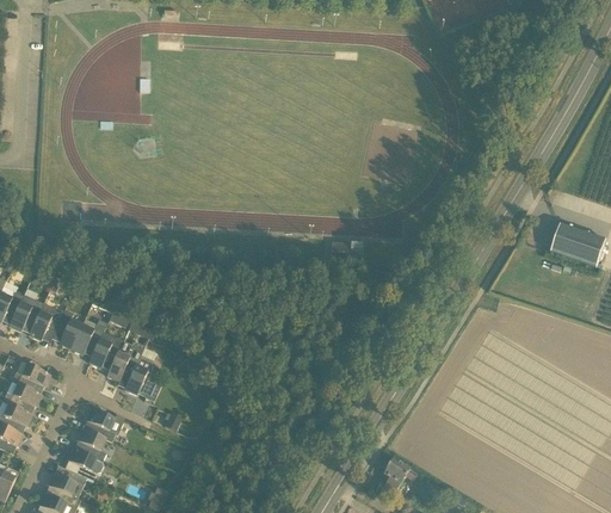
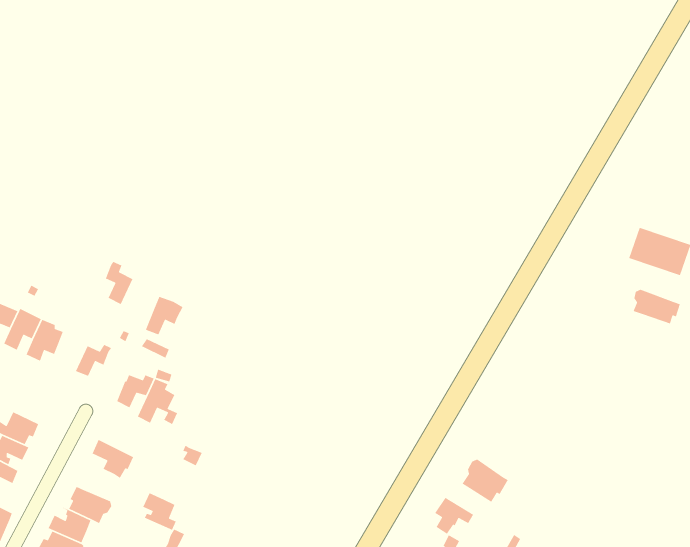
building: none -> [632,289,681,325]
building: [56,311,81,350] -> [105,261,134,305]
building: [88,333,122,367] -> [145,296,183,336]
building: [11,361,49,395] -> none
building: none -> [461,459,509,503]
building: [75,428,105,462] -> [142,492,177,531]

